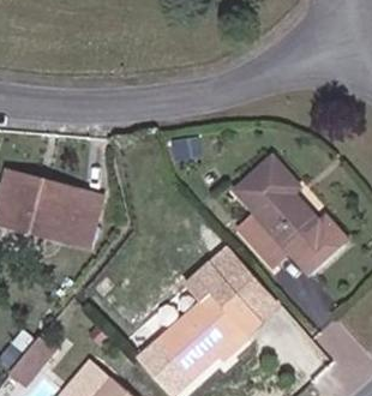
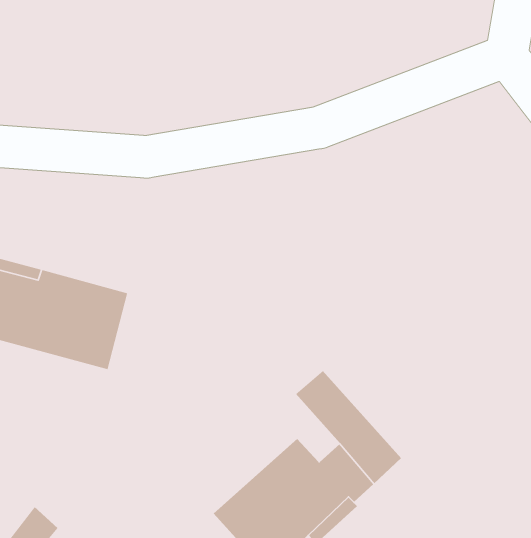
building: [234,160,344,280] -> none

